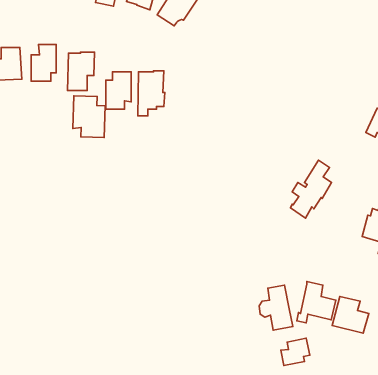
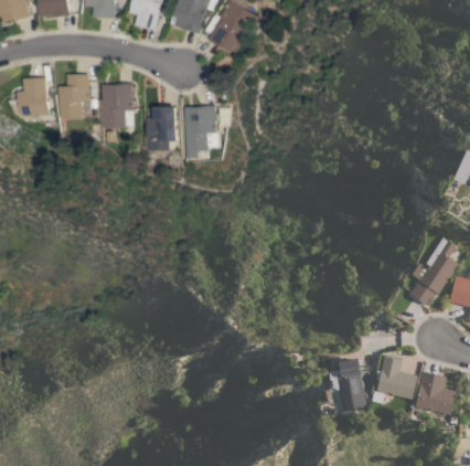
building: [73,96,105,137] -> none
building: [290,160,332,218] -> [410,237,459,306]
building: [281,338,310,366] -> none

